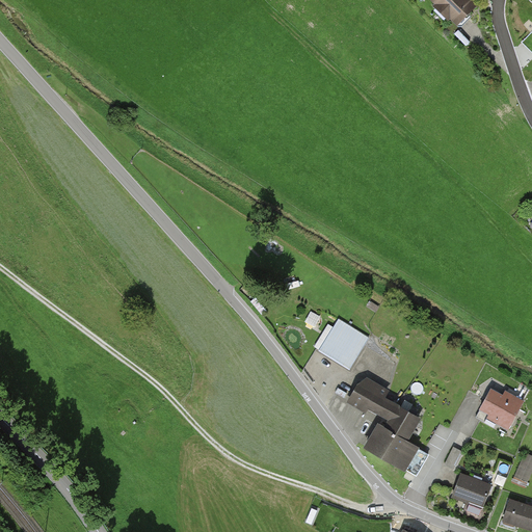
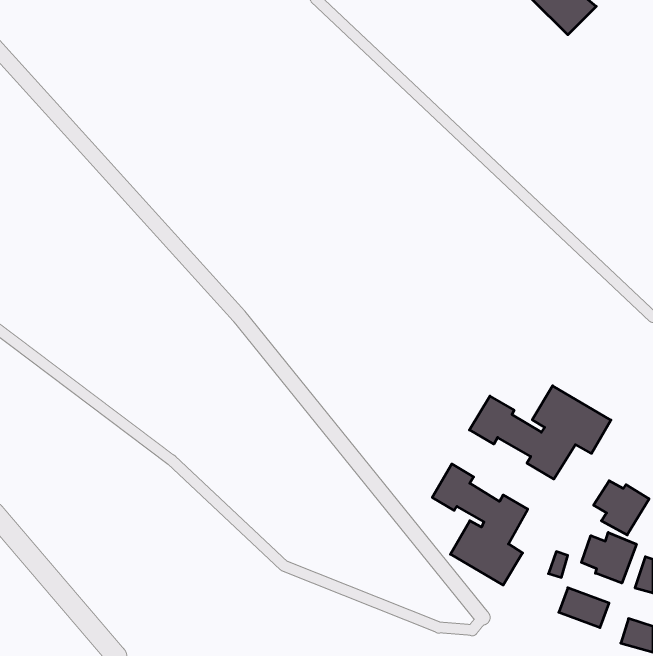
building: none -> [469,386,611,479]
building: [318,318,368,370] -> none
building: none -> [581,532,636,583]

